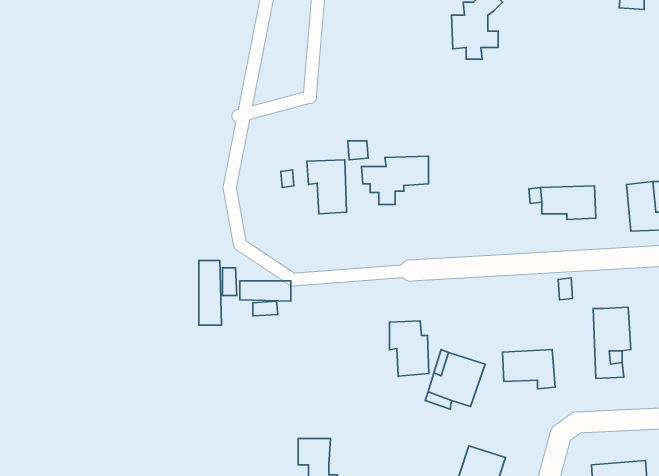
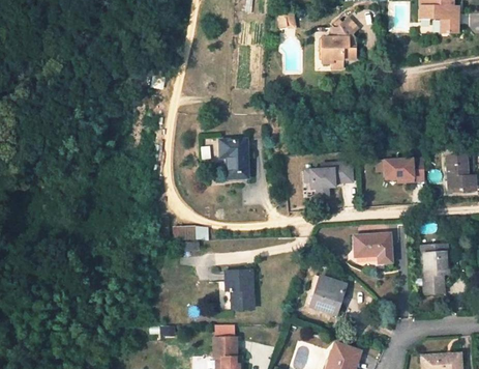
building: [361,156,429,204] -> [304,163,352,197]
building: [199,261,222,325] -> none
building: [389,321,429,376] -> [226,271,253,310]
building: [503,349,555,389] -> [354,234,391,262]

